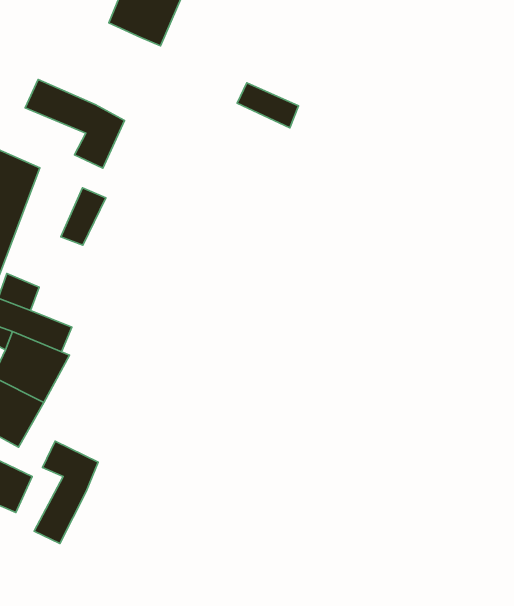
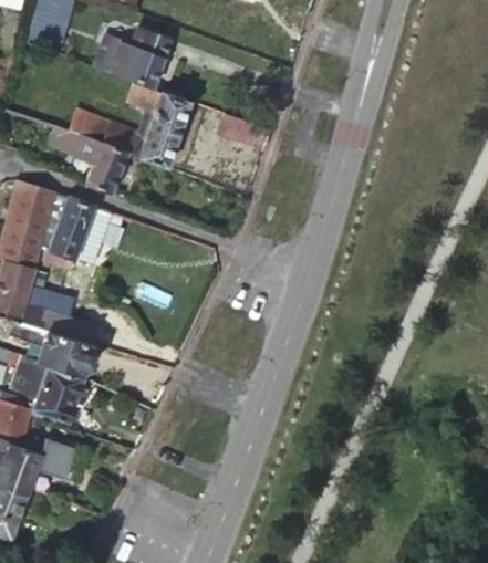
building: none -> [98,80,185,163]
building: none -> [51,199,94,260]
building: [34,441,98,543] -> none

